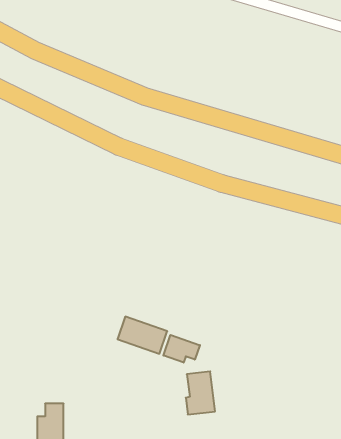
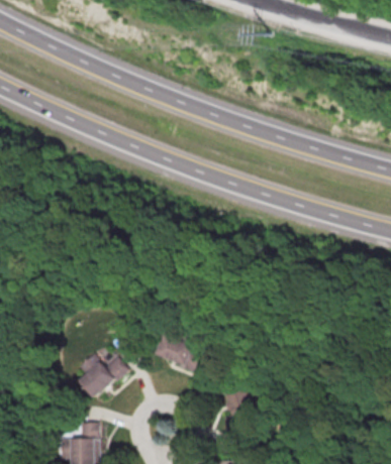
building: [163,335,200,363] -> none
building: none -> [76,352,125,399]

